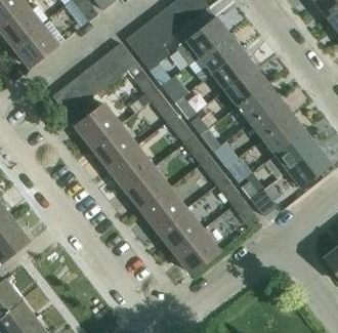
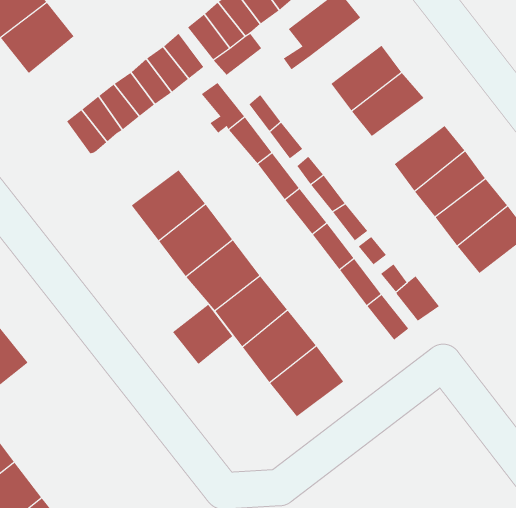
building: [195,33,242,80] -> none
building: [236,81,280,121] -> none
building: [75,102,120,145] -> none
building: none -> [172,304,233,365]

